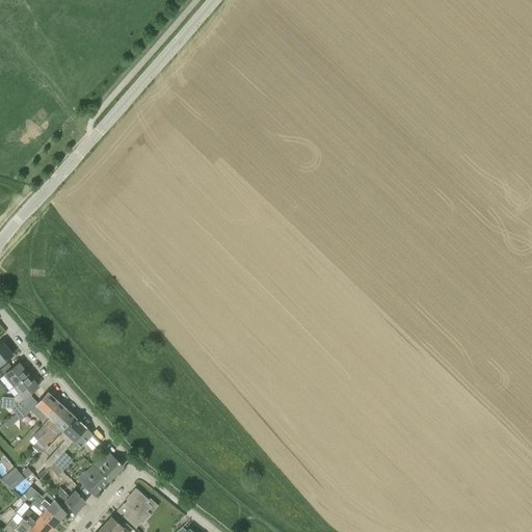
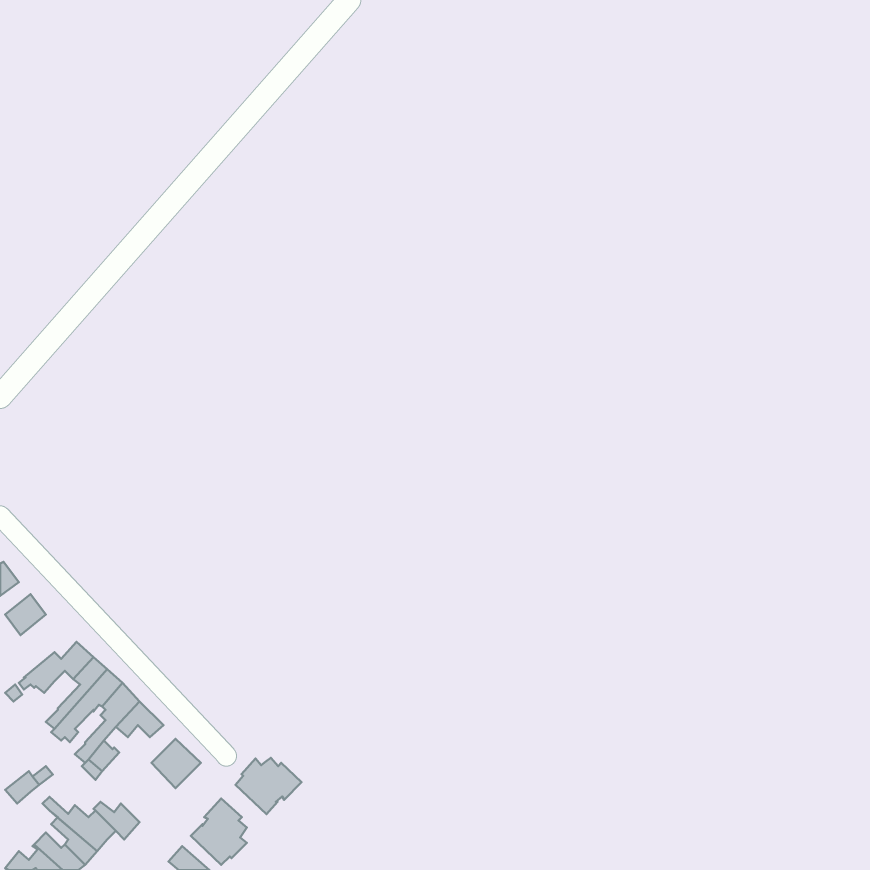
building: [10,375,38,414] -> none
building: none -> [235,758,301,814]
building: [77,466,107,495] -> none

